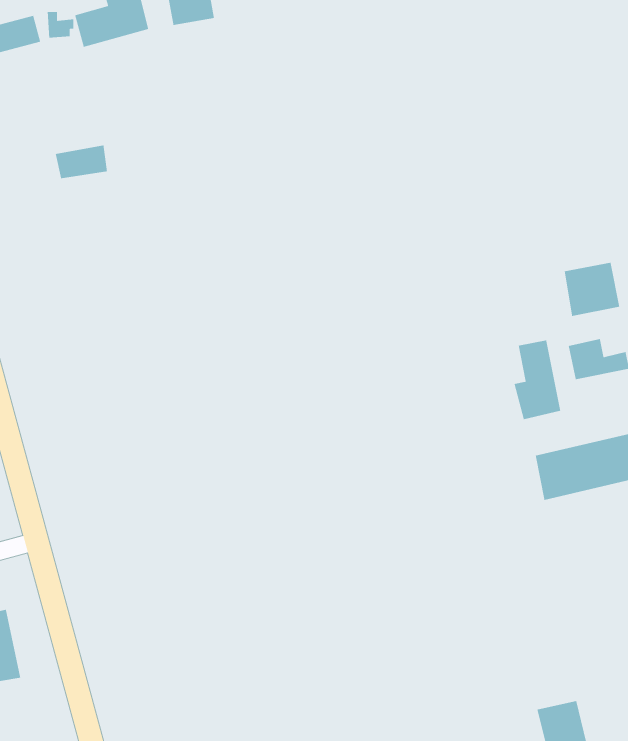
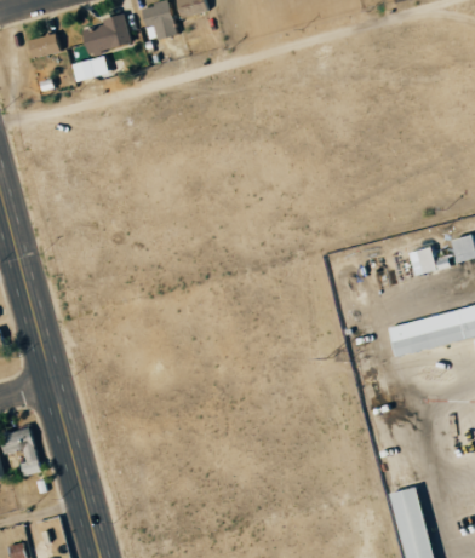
building: [55,144,108,179] -> [68,58,103,81]
building: [564,262,620,317] -> none
building: [514,340,561,420] -> none

